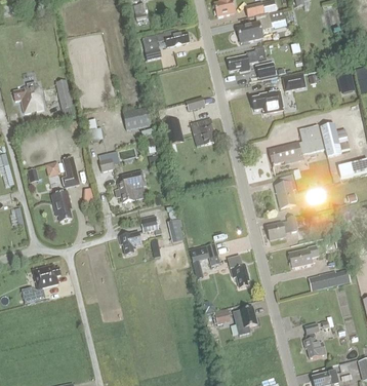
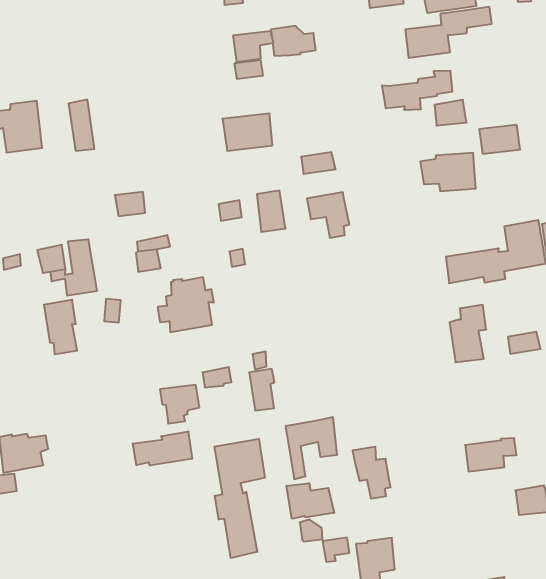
building: [121,107,150,129] -> [222,113,272,151]
building: [266,215,296,239] -> none
building: none -> [133,431,192,466]
building: none -> [214,439,265,558]
building: none -> [287,483,334,519]

